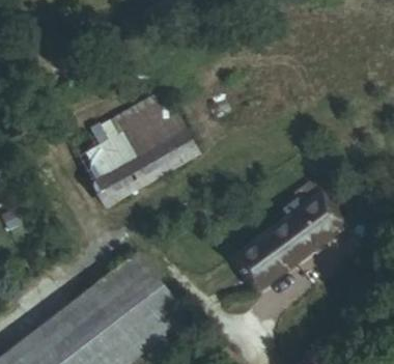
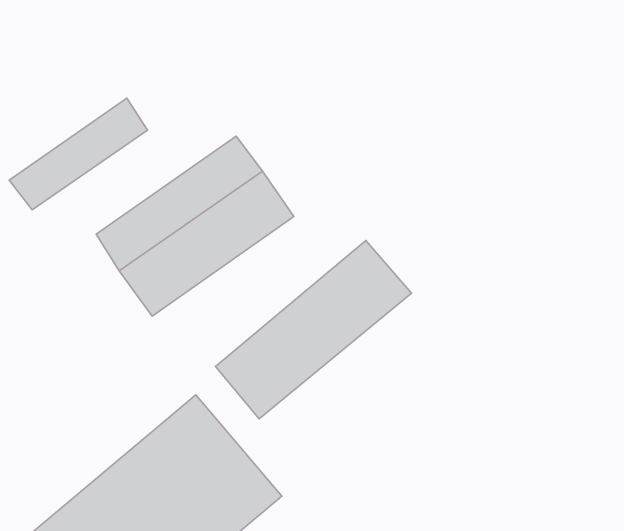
building: none -> [9,98,148,210]
building: [242,186,358,291] -> [216,241,411,419]

